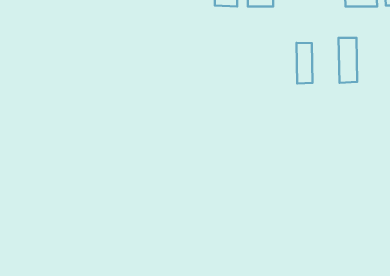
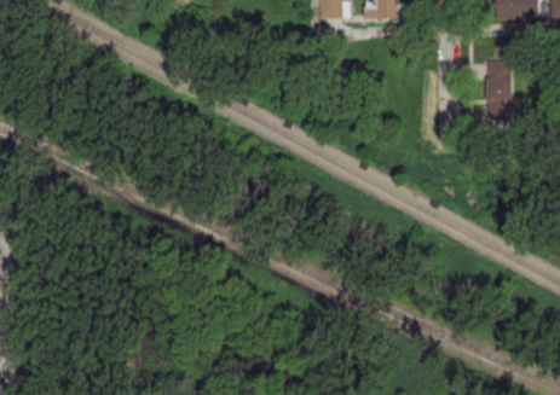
building: [296,43,313,83] -> none

